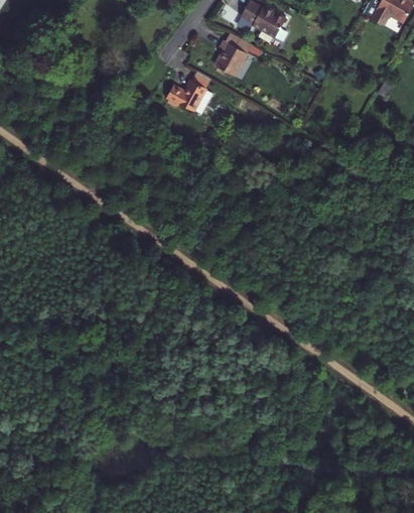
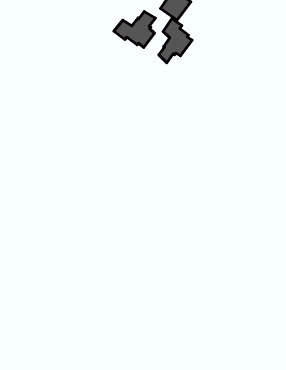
building: none -> [159,18,192,63]

